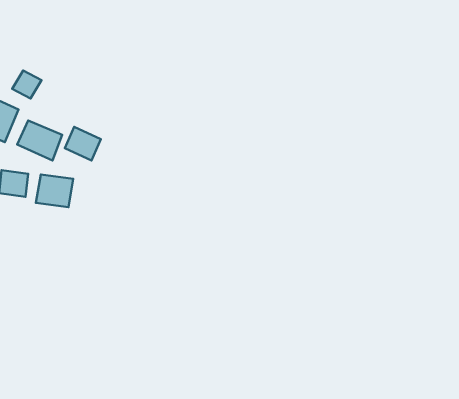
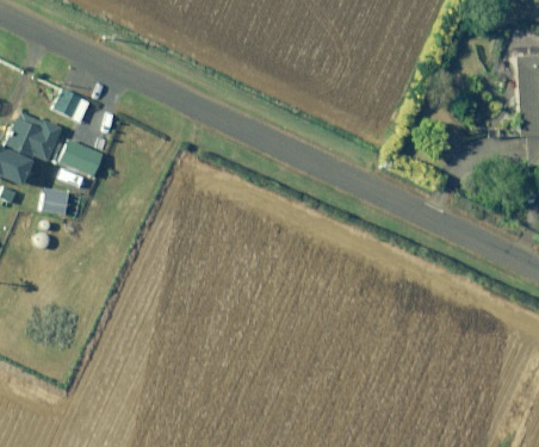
building: [65,127,101,161] -> none
building: [36,174,73,207] -> none

